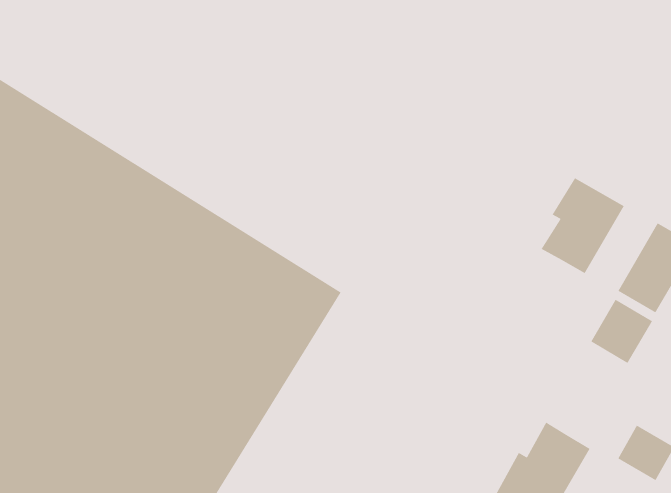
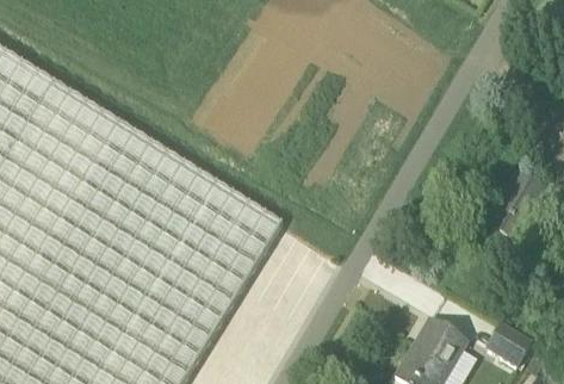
building: [541,177,624,274] -> none
building: [591,299,653,364] -> none

